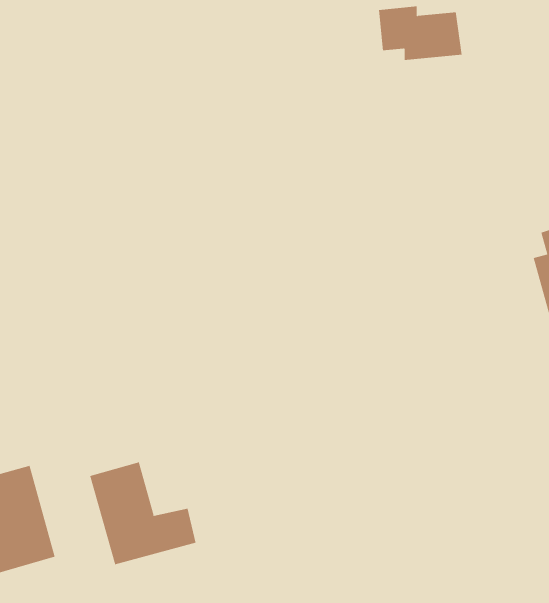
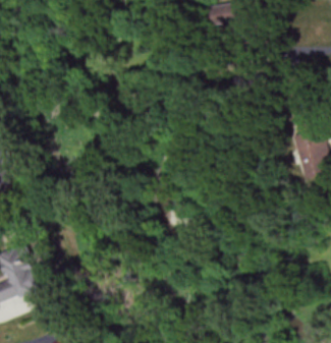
building: [89,461,196,565] -> none

